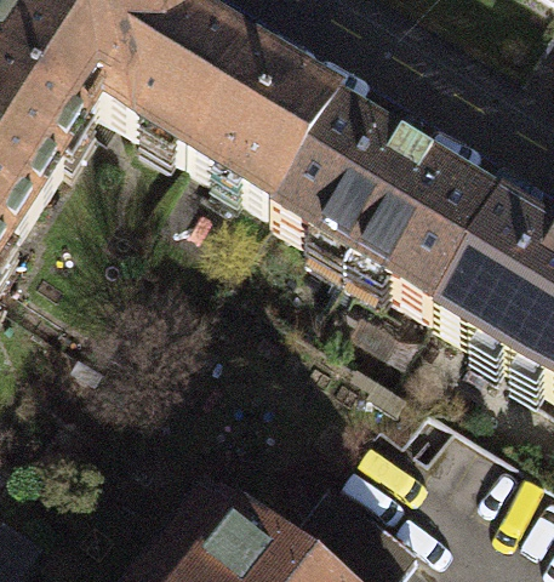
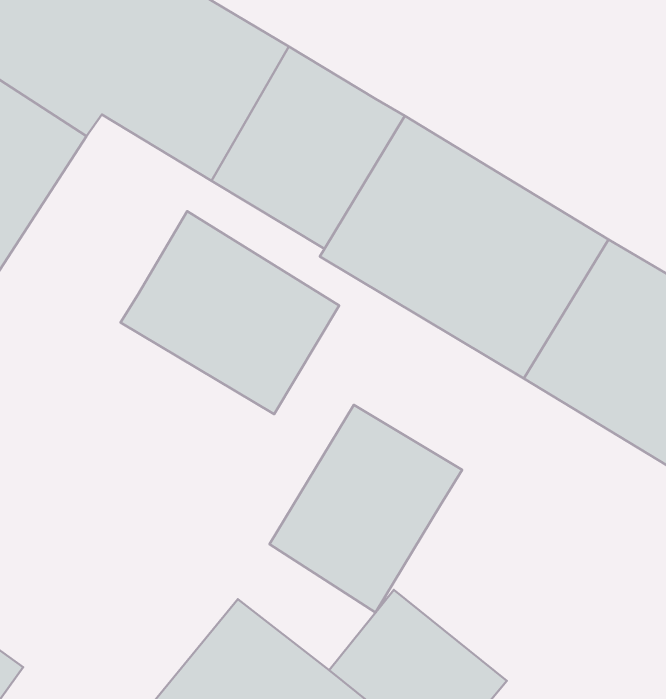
building: none -> [121,211,339,414]
building: none -> [270,405,462,613]

